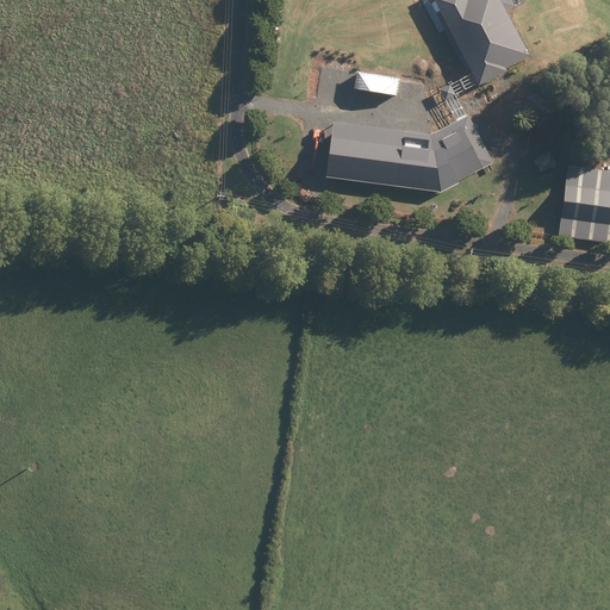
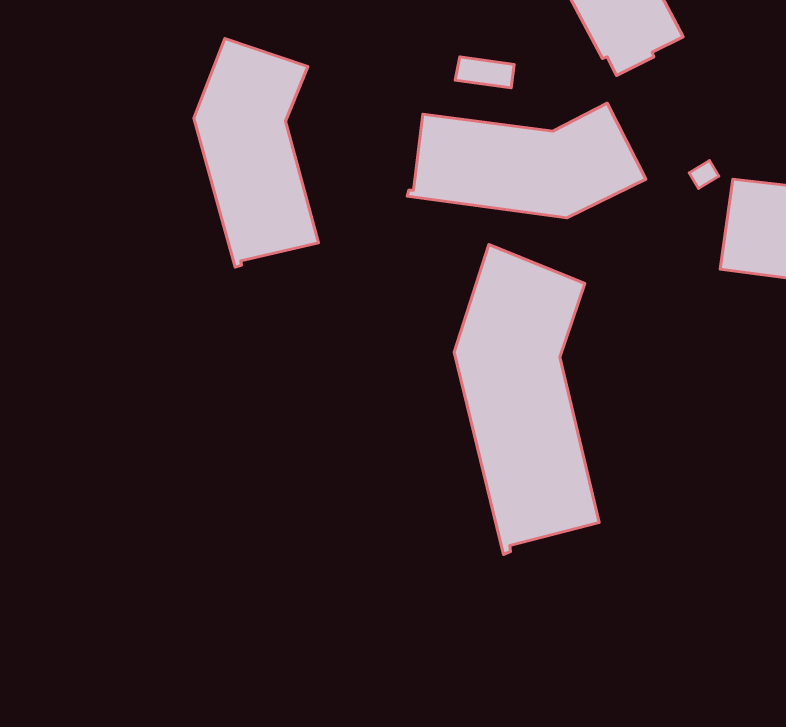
building: none -> [194,39,318,267]
building: none -> [454,245,599,554]

